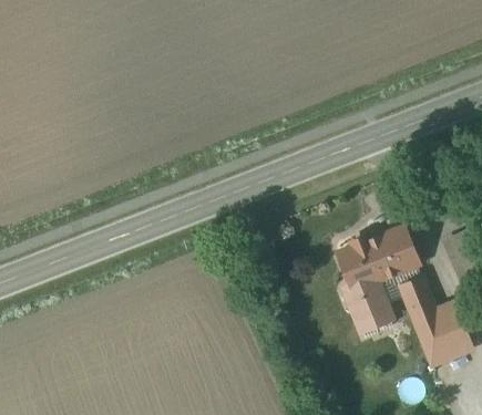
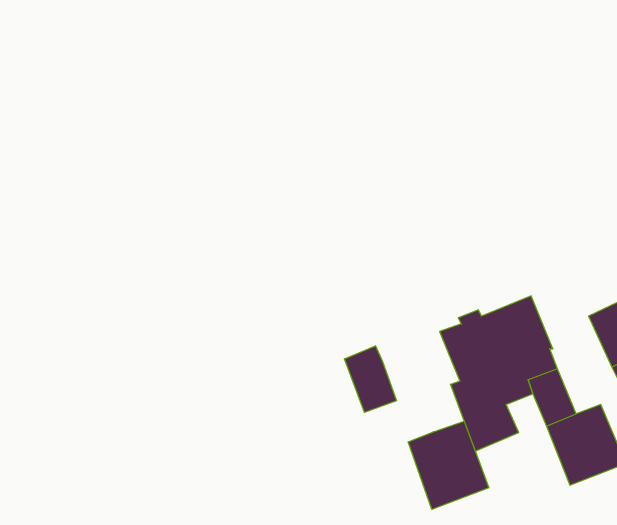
building: none -> [344,346,397,412]
building: none -> [408,421,489,509]

